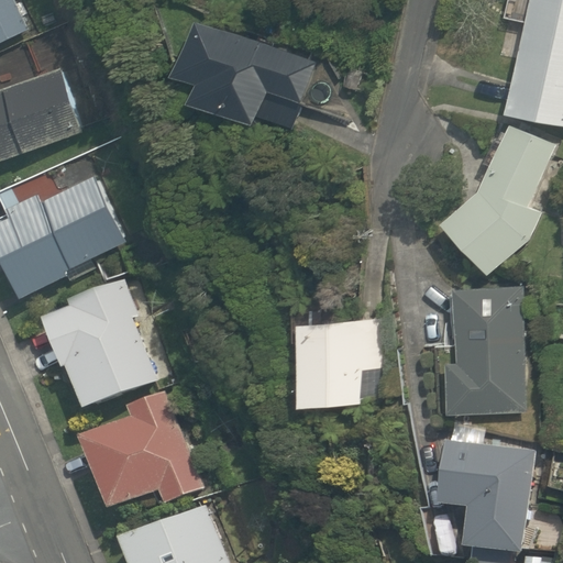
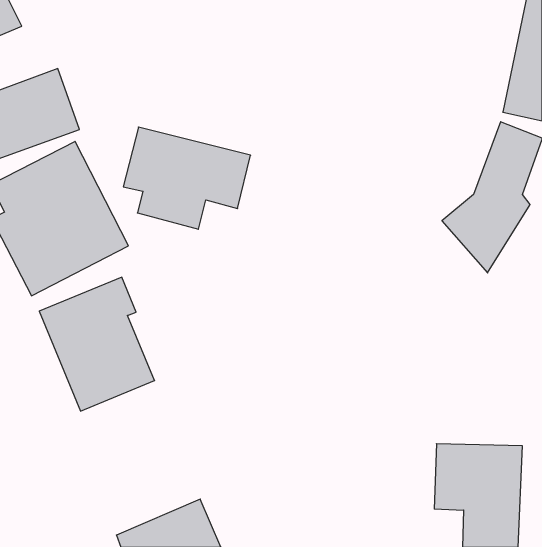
building: [185,21,313,124] -> [123,127,251,229]
building: [440,283,515,409] -> none
building: [307,320,374,410] -> none
building: [82,393,200,517] -> none

